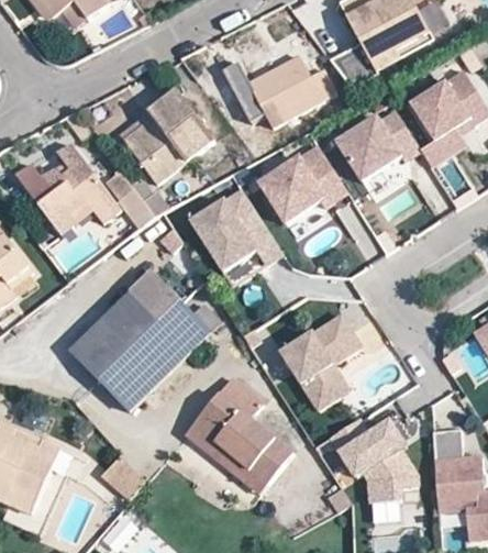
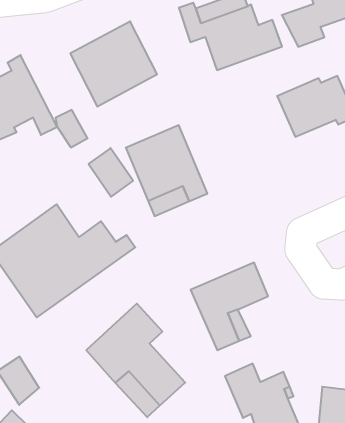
building: [259,146,340,222] -> none
building: [130,270,178,320] -> [89,148,133,197]

